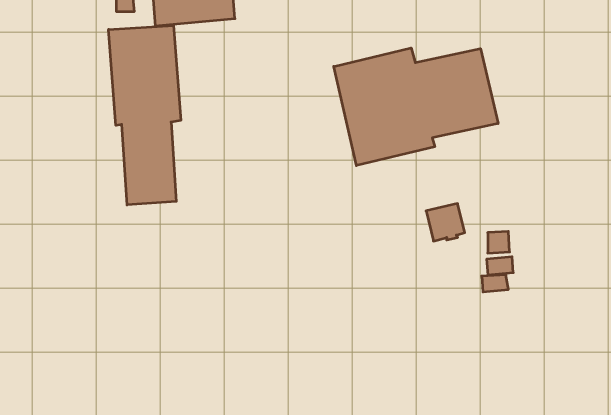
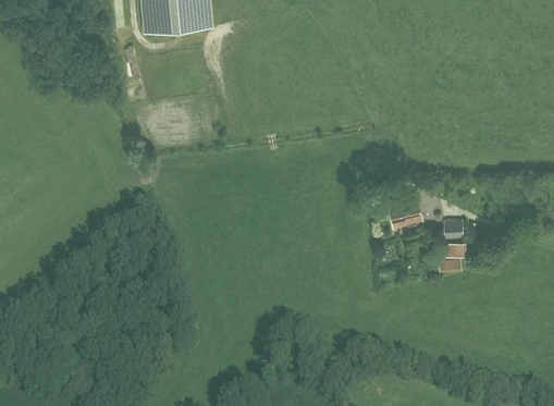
building: [109,26,181,205] -> none
building: [334,48,498,166] -> none

